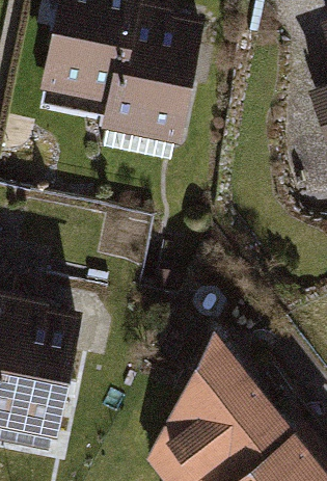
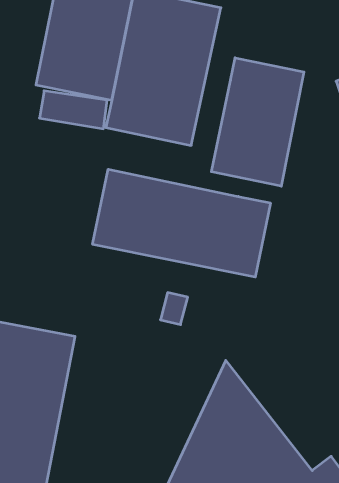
building: none -> [211,58,304,186]
building: none -> [93,169,270,277]

